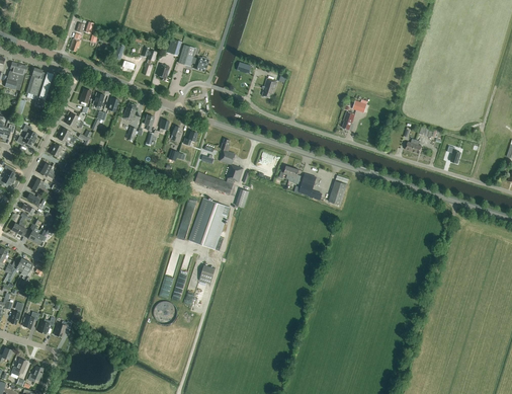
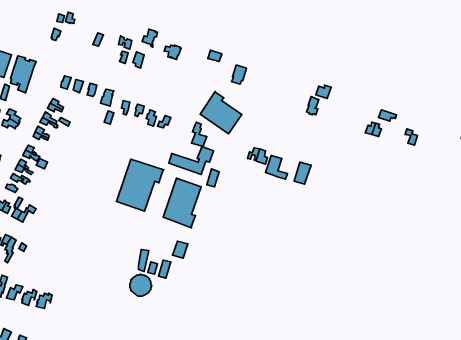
building: none -> [200,91,242,134]
building: none -> [116,159,164,211]

